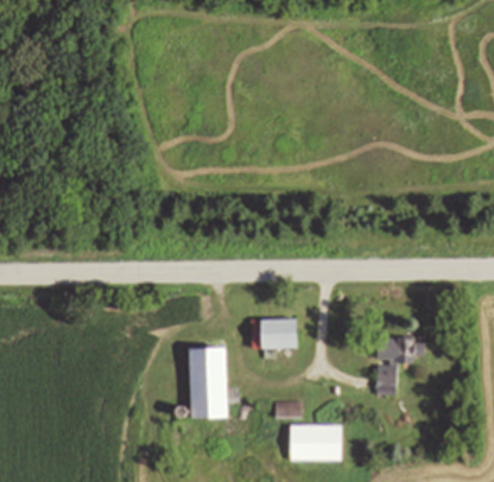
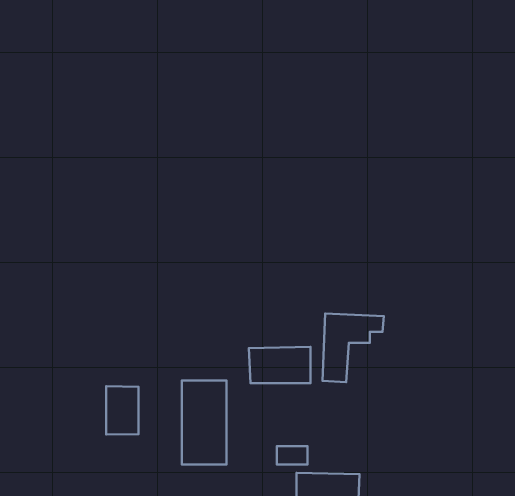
building: [373,337,425,395] -> [322,314,384,382]
building: none -> [106,386,139,434]

